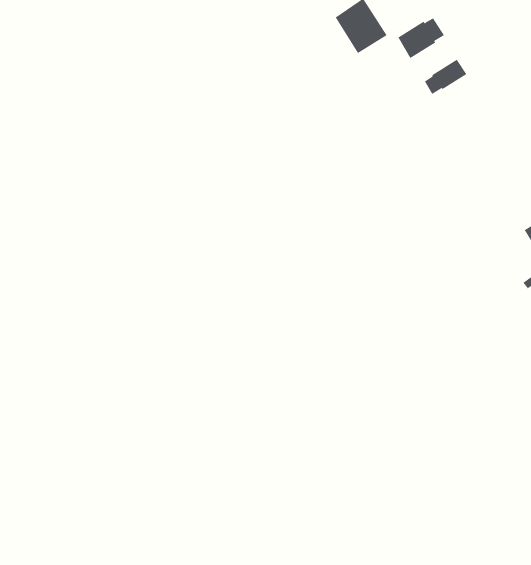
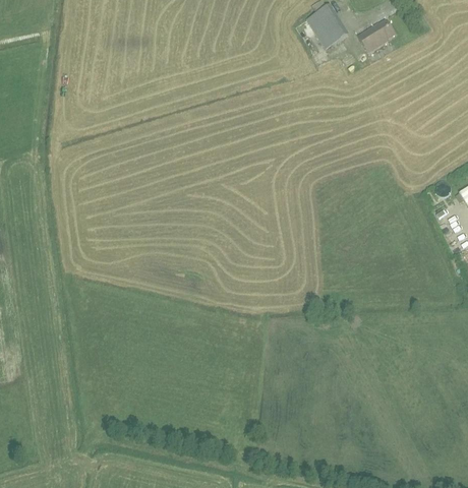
building: [424,59,467,95] -> none

